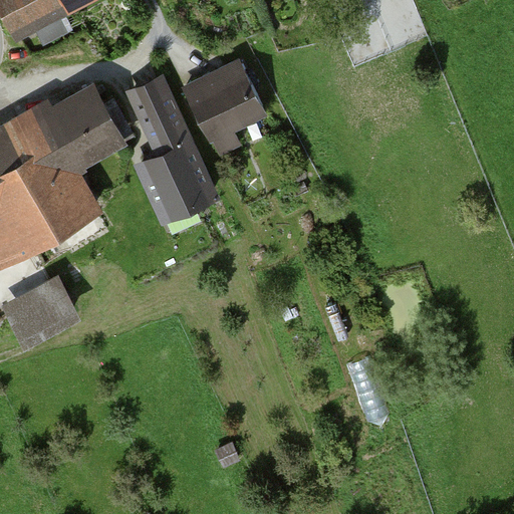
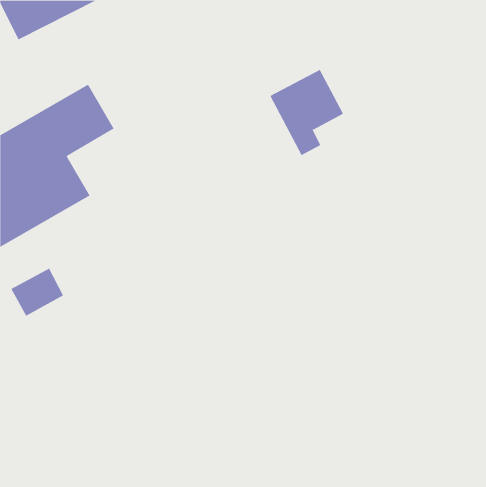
building: [186,60,264,152] -> [270,69,344,156]
building: [133,79,213,216] -> none

